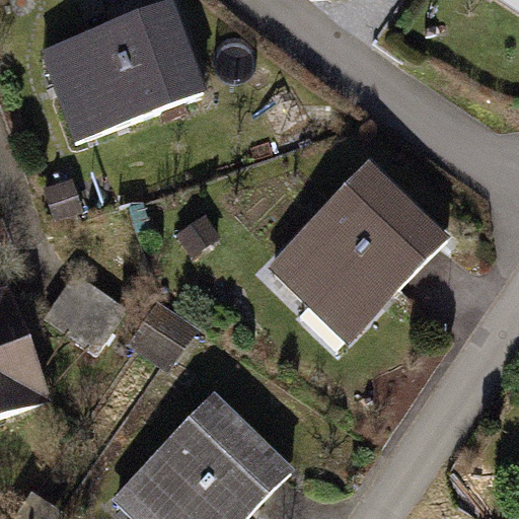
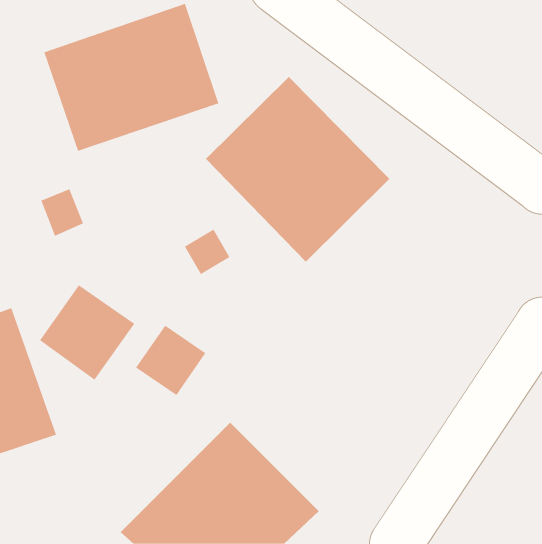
building: none -> [205,76,390,262]
building: [267,162,451,346] -> none

